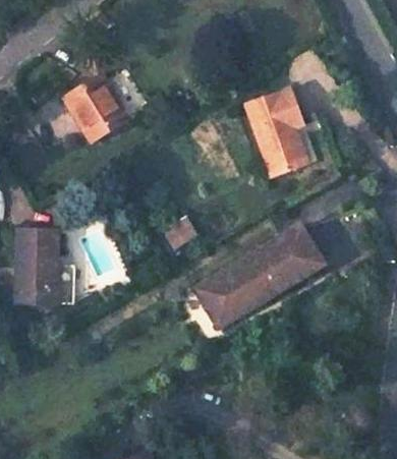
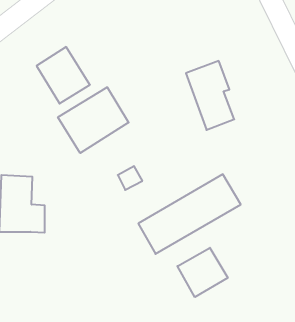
building: none -> [58,87,129,153]
building: none -> [177,248,228,297]

